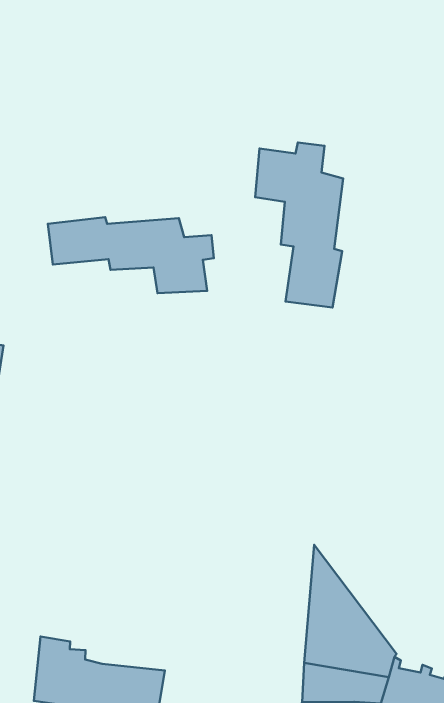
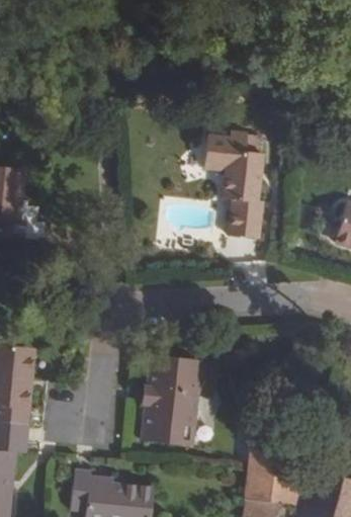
building: [48,217,214,293] -> none
building: none -> [139,356,213,446]

